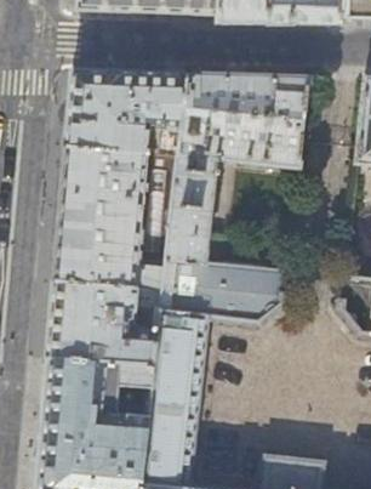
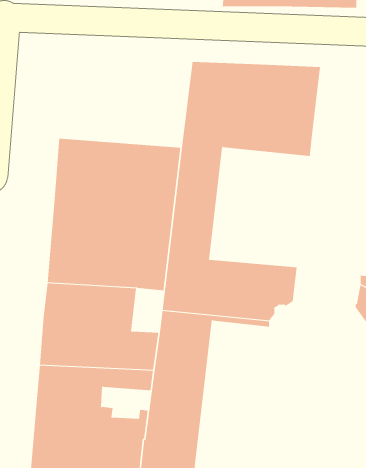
building: [68,68,192,152] -> none

